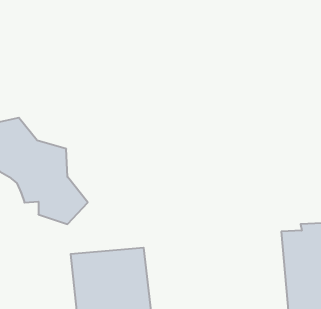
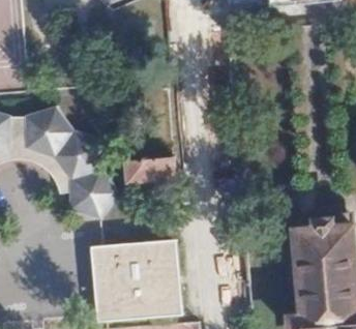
building: none -> [120,158,167,184]

